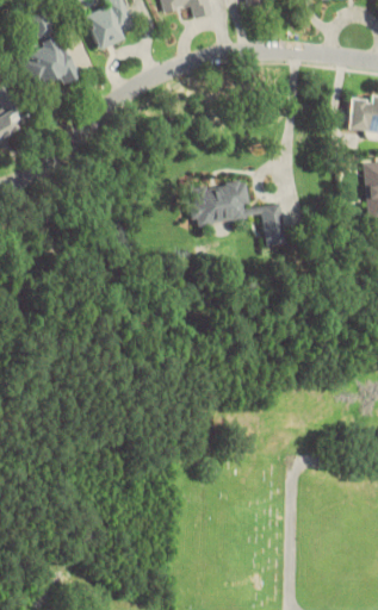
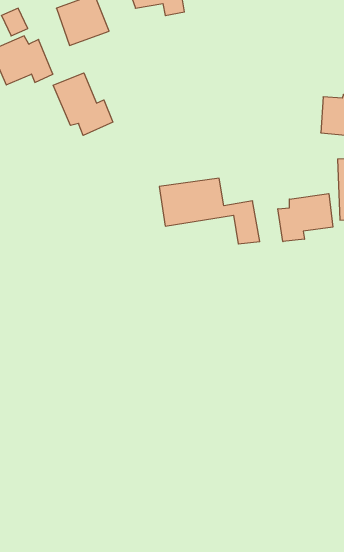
building: none -> [53,73,113,135]
building: none -> [278,194,333,242]

